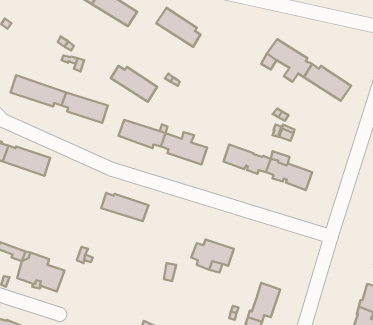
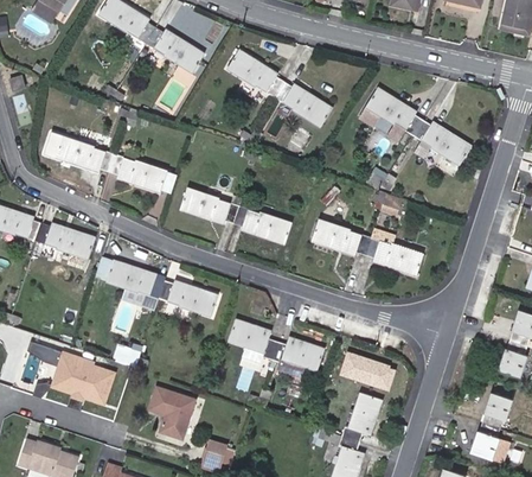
building: [111,66,157,102] -> [274,82,332,127]
building: none -> [107,260,165,299]
building: none -> [229,319,278,364]
building: none -> [340,352,397,389]
building: none -> [149,387,197,439]

